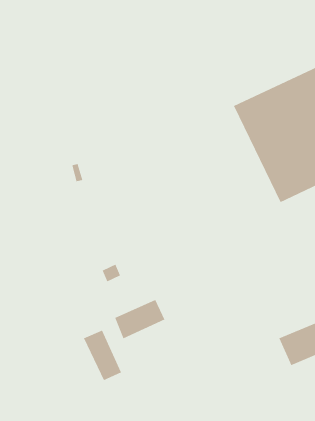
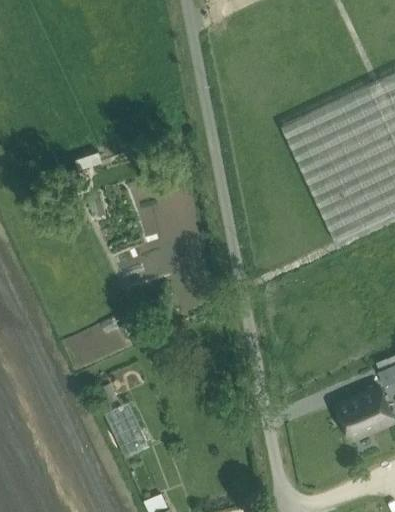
building: [114,299,165,339] -> none

